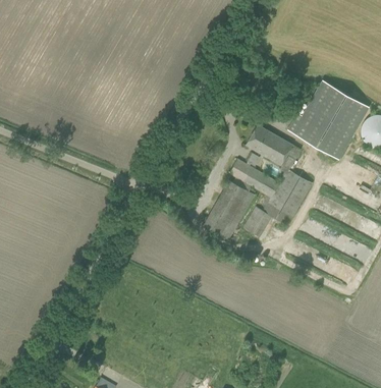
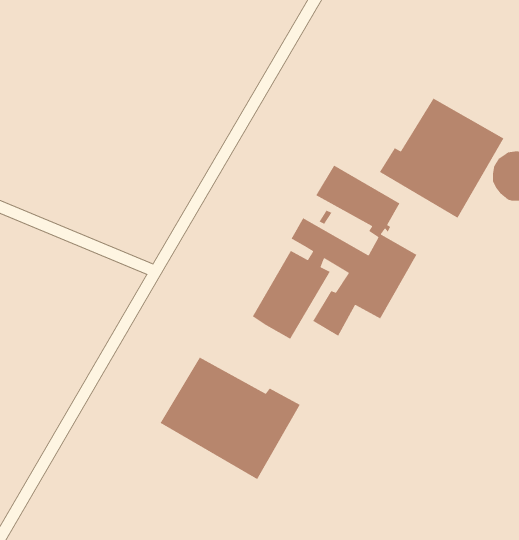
building: none -> [160,357,301,480]

